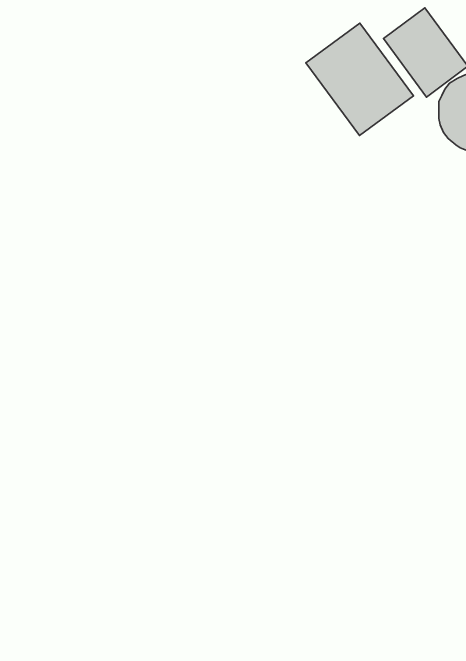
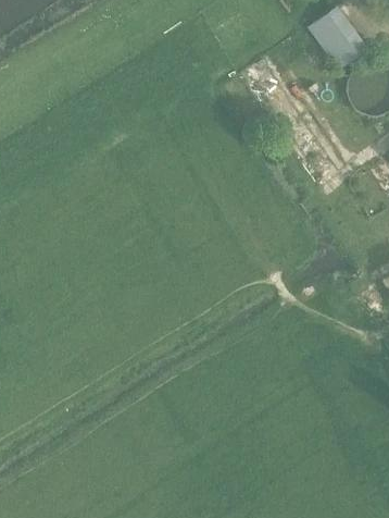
building: [306,23,413,136] -> none

